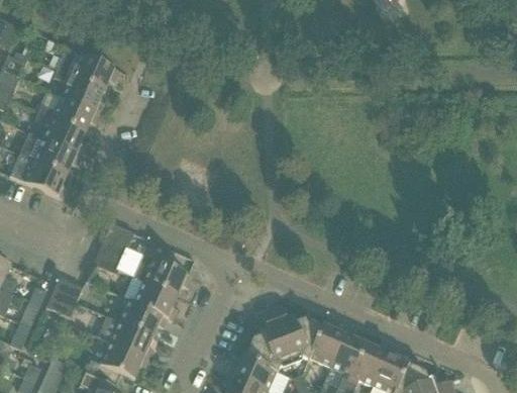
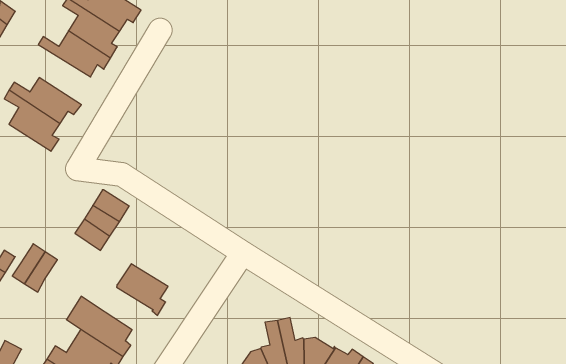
building: [35,113,86,158] -> none
building: [134,257,192,297] -> none
building: [119,300,168,337] -> none

